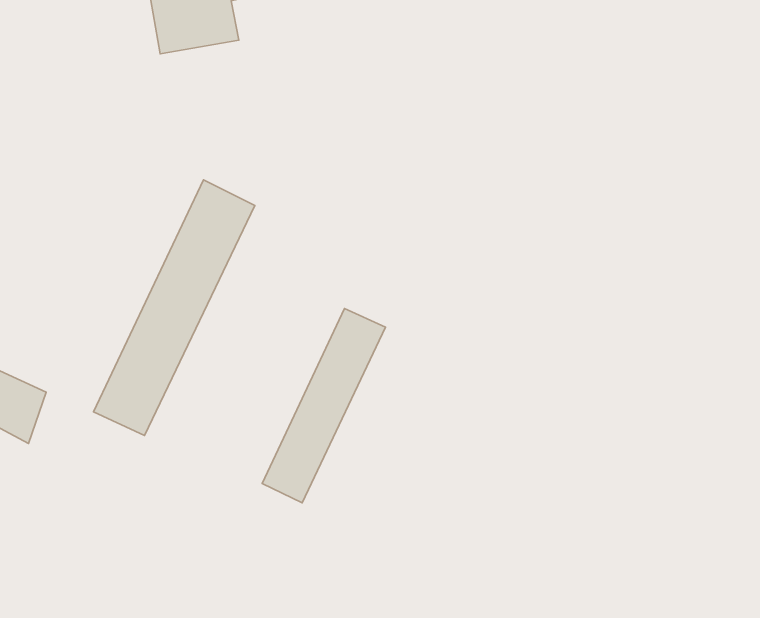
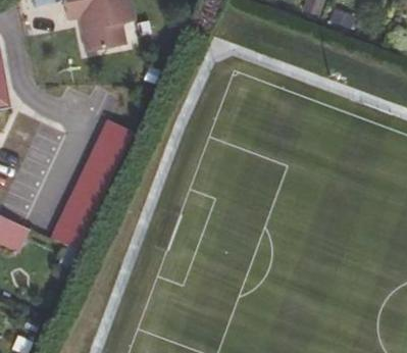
building: [262,308,386,503] -> none

